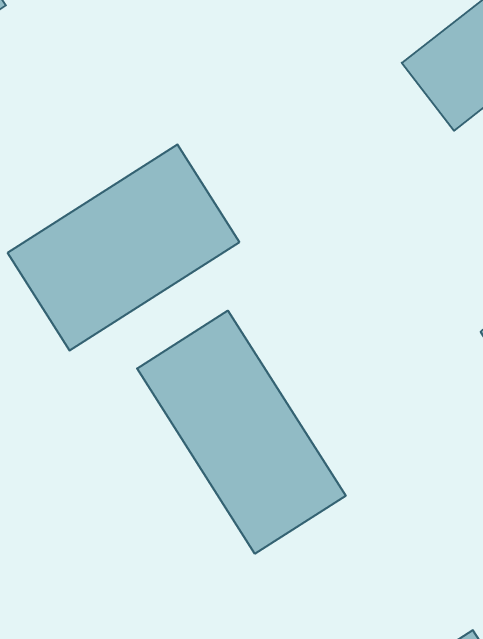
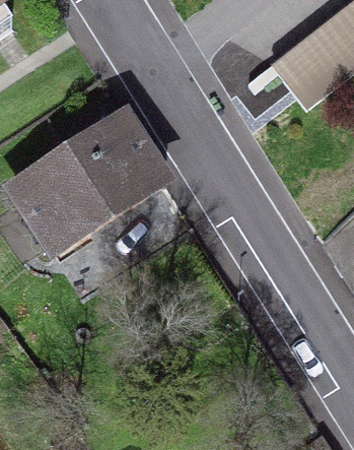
building: [137,311,346,554] -> none

